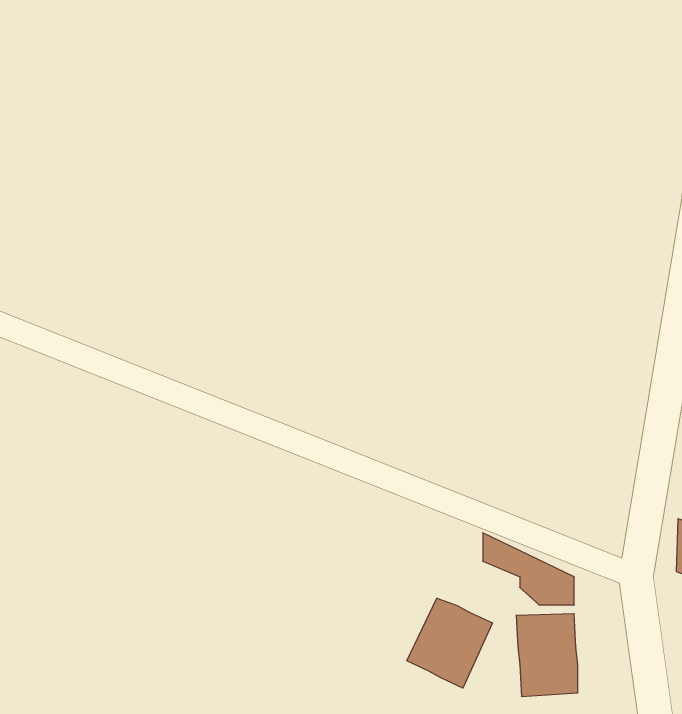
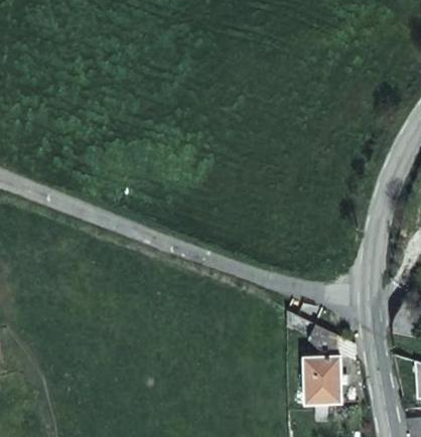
building: [407,598,493,688] -> none

